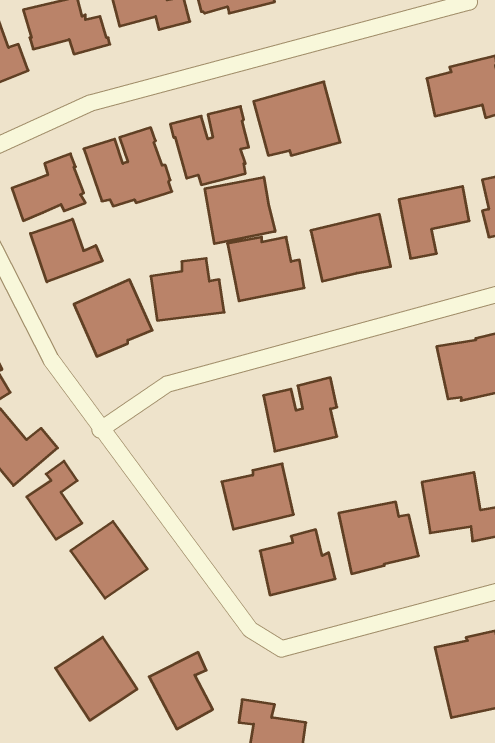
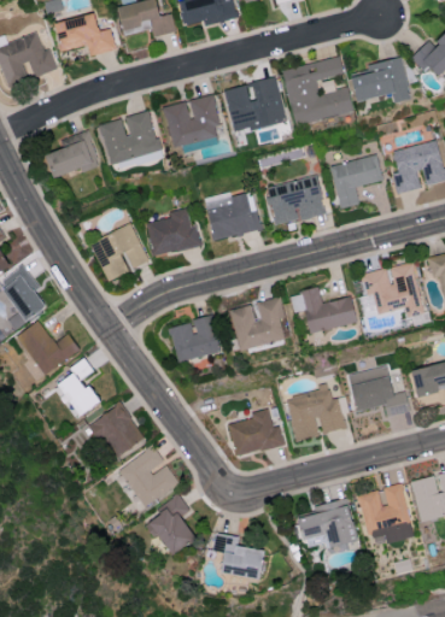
building: none -> [282,55,353,128]
building: [205,177,275,244] -> none
building: [30,219,102,282] -> none
building: none -> [289,287,356,333]
building: [222,464,294,529] -> [169,313,222,362]
building: [55,637,137,720] -> [118,445,178,506]
building: none -> [297,496,357,547]

